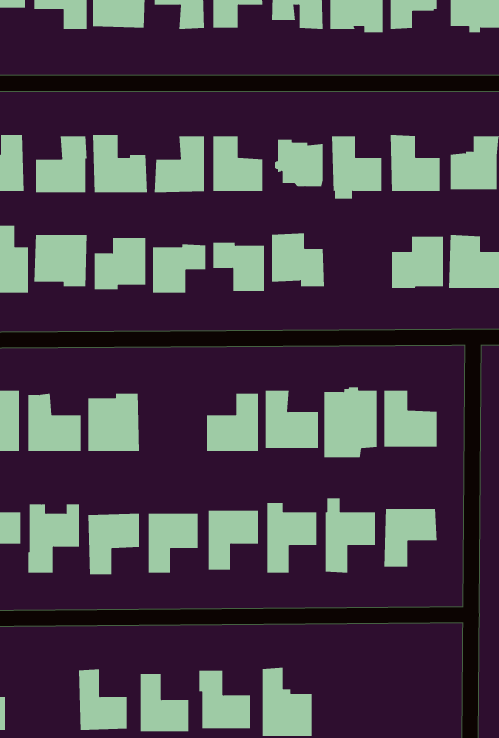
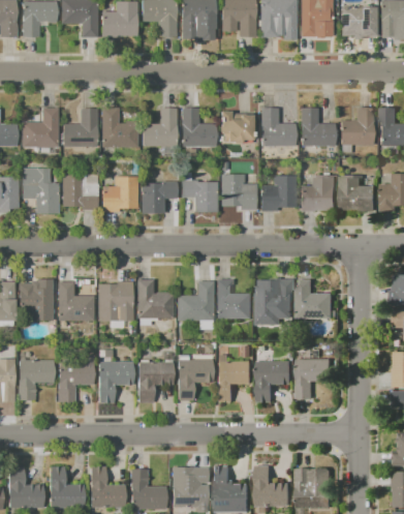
building: none -> [261,176,297,211]
building: none -> [137,280,174,319]
building: none -> [255,465,289,506]
building: none -> [51,466,85,508]
building: none -> [296,468,331,508]

